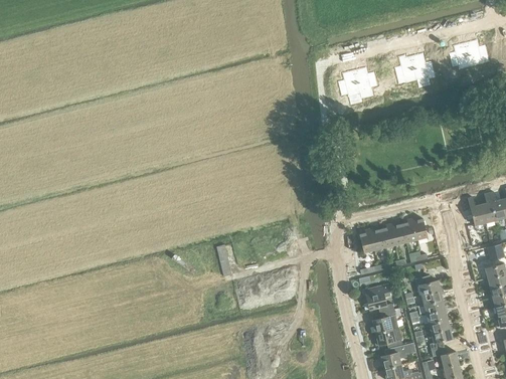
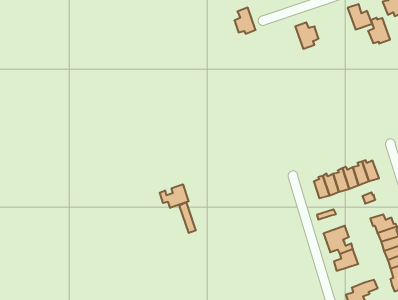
building: [395,55,417,82] -> [368,18,390,44]
building: [340,70,361,98] -> [234,8,256,34]
building: none -> [160,184,189,208]
building: [374,325,402,349] -> none

